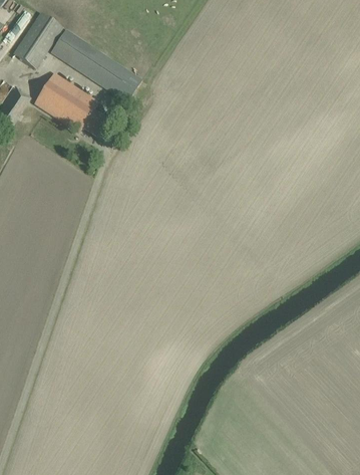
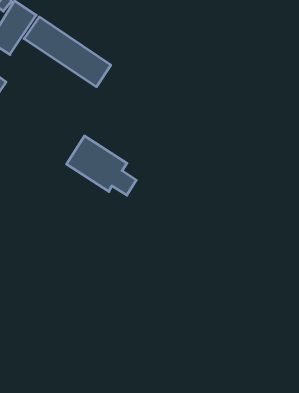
building: [33,72,107,136] -> [67,136,136,195]

